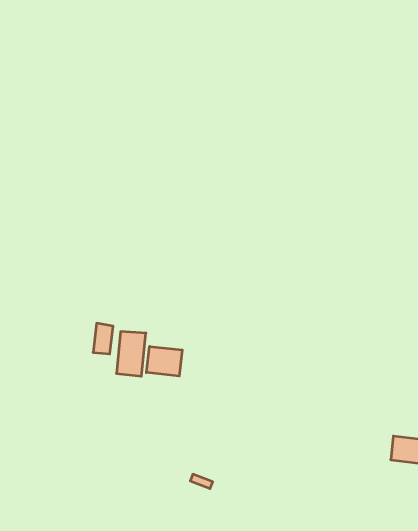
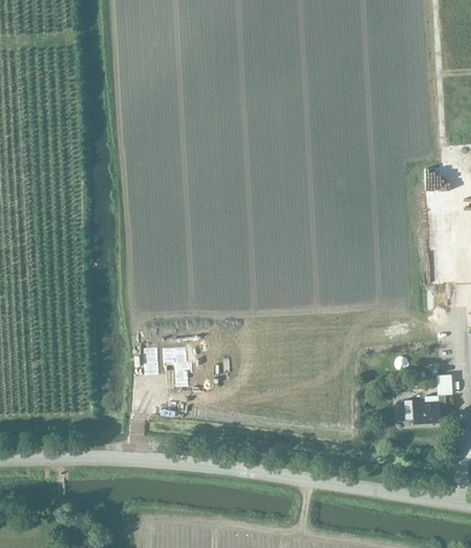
building: [146,346,182,376] -> none

